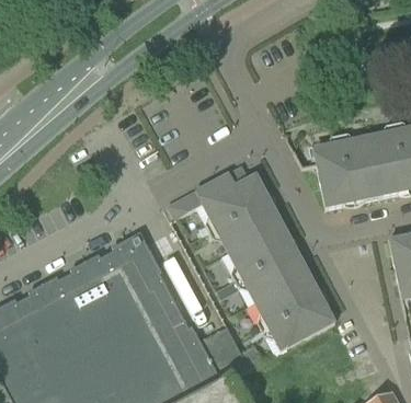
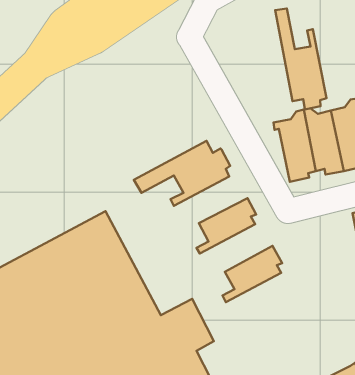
building: none -> [275,8,326,109]
building: [209,200,284,247] -> none
building: [236,249,309,297] -> none
building: [262,298,336,346] -> none

